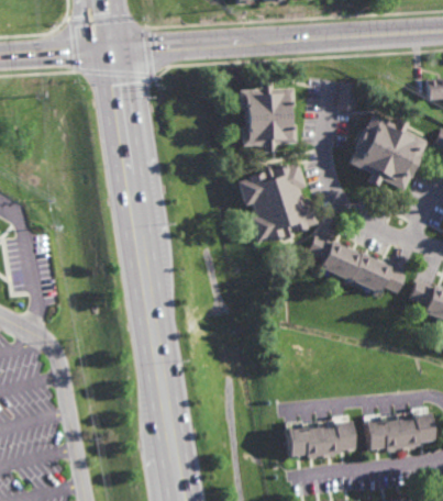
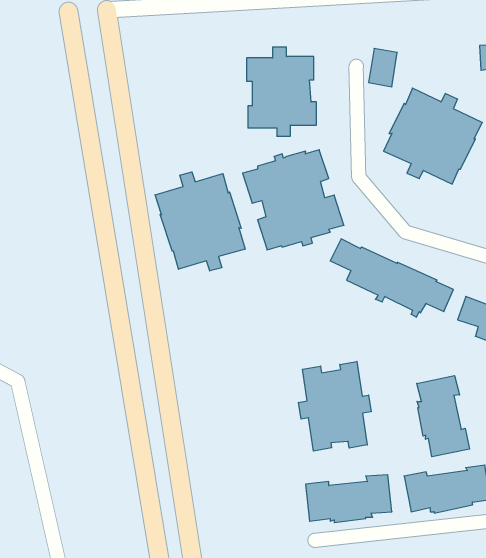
building: none -> [155,172,245,271]
building: none -> [299,361,371,451]
building: none -> [417,376,469,457]

